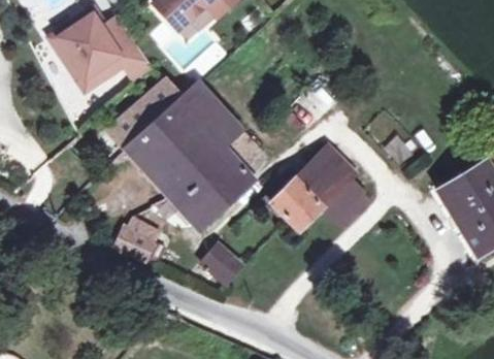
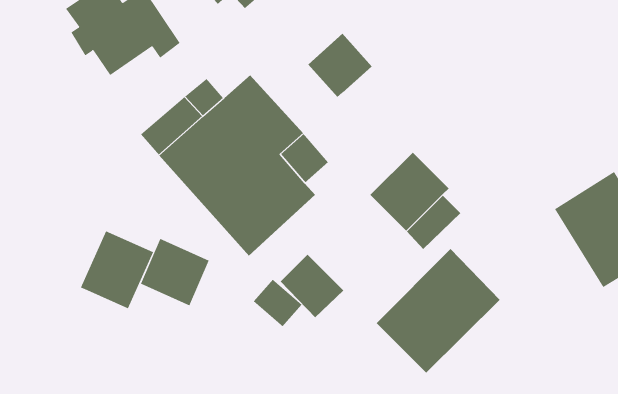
building: none -> [307,33,373,98]
building: [272,180,323,230] -> [280,254,344,318]
building: none -> [80,230,154,309]
building: none -> [376,248,501,374]

